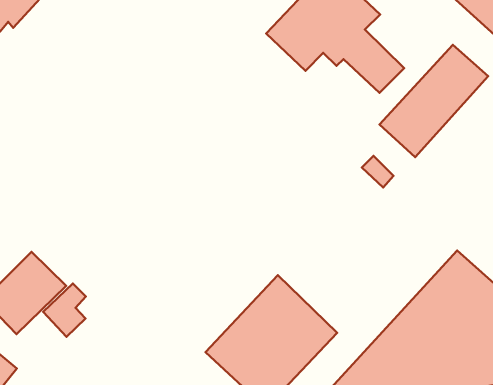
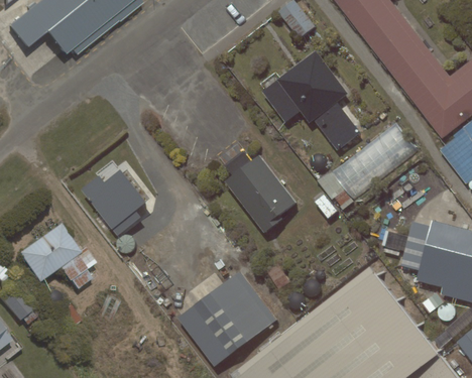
building: none -> [223,149,294,233]
building: none -> [81,169,144,235]

